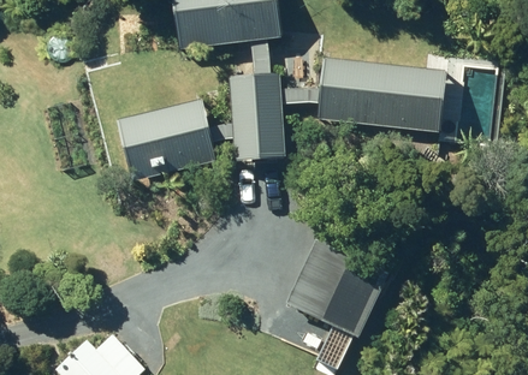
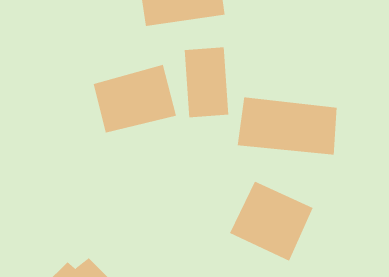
building: [319,59,444,131] -> [237,97,337,155]

